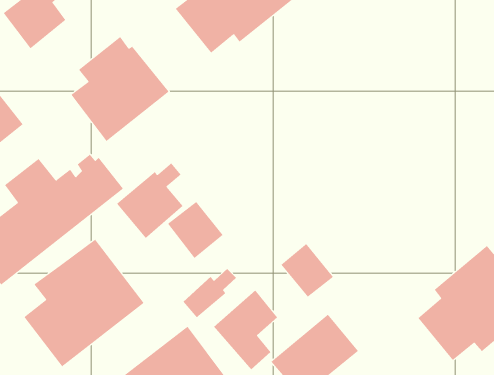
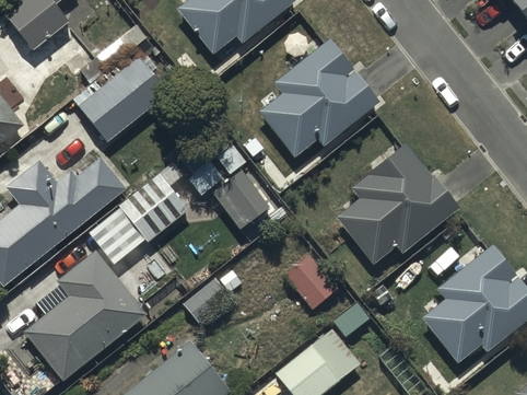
building: none -> [258,39,378,160]
building: none -> [336,144,459,266]
building: [167,201,224,259] -> [213,172,270,230]
building: [213,290,278,370] -> none

